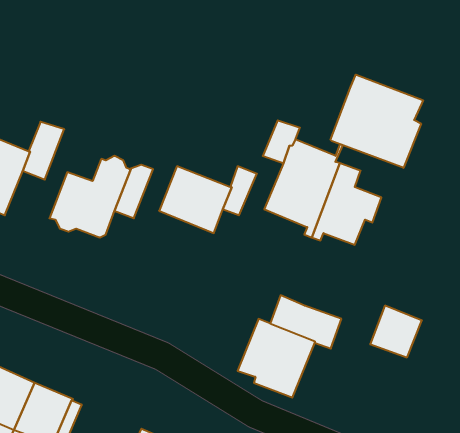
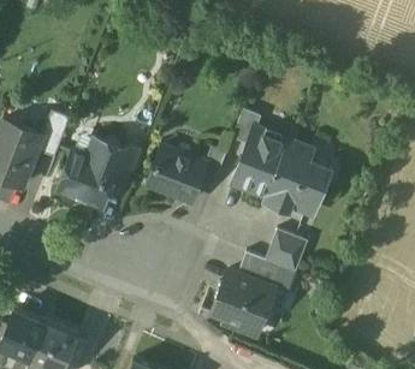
building: [331,75,423,168] -> none
building: [370,306,422,357] -> [266,230,308,272]

